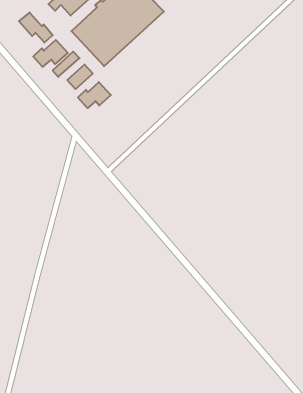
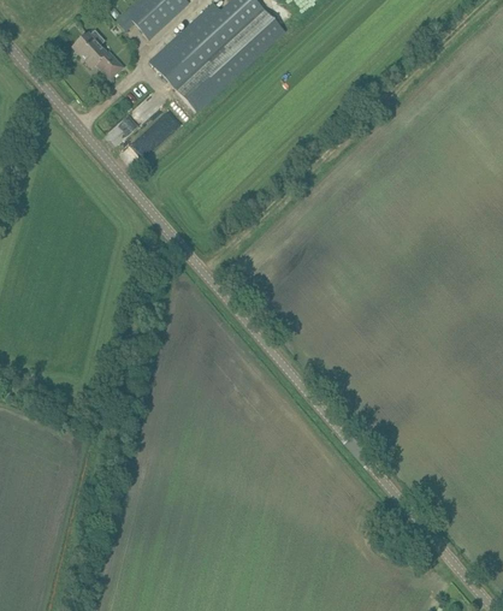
building: [33,40,68,67] -> none
building: [78,82,111,108] -> none

